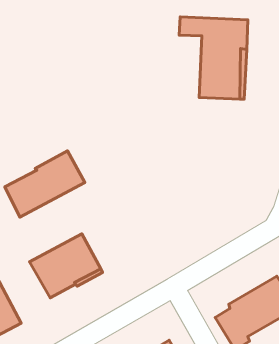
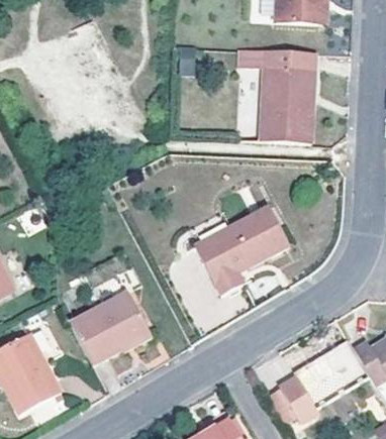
building: [5,151,85,217] -> none
building: none -> [195,206,289,295]

